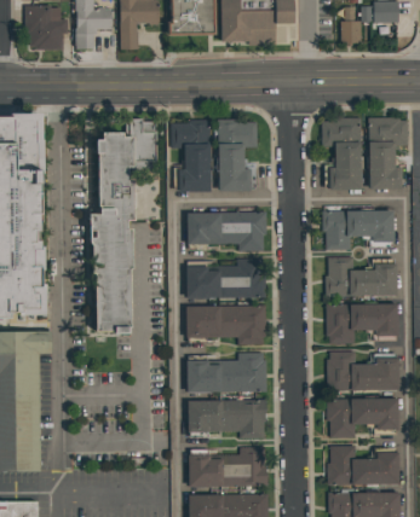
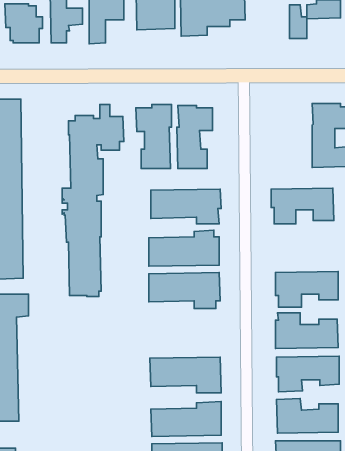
building: [321,117,362,188] -> none
building: [324,257,396,296] -> none
building: [186,353,266,393] -> none

